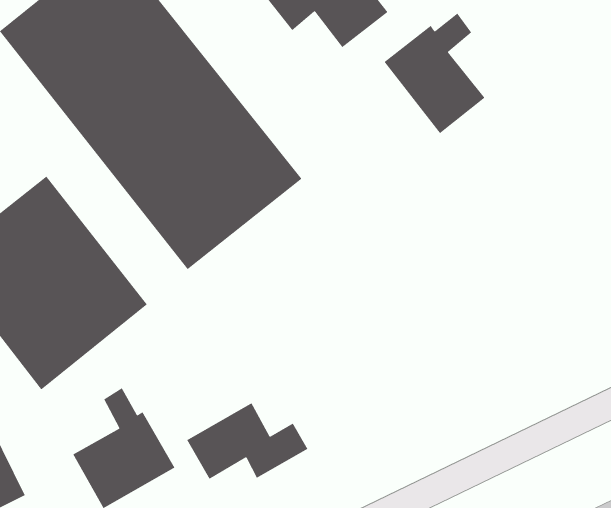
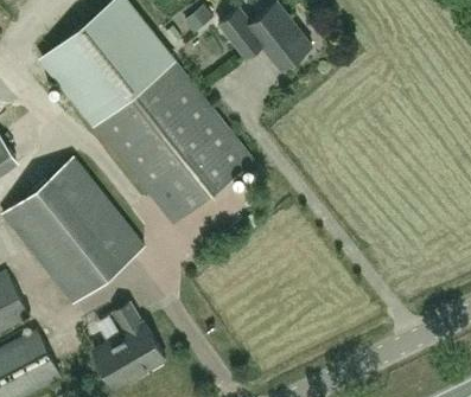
building: [383,12,485,134] -> none
building: [186,402,308,480] -> none

